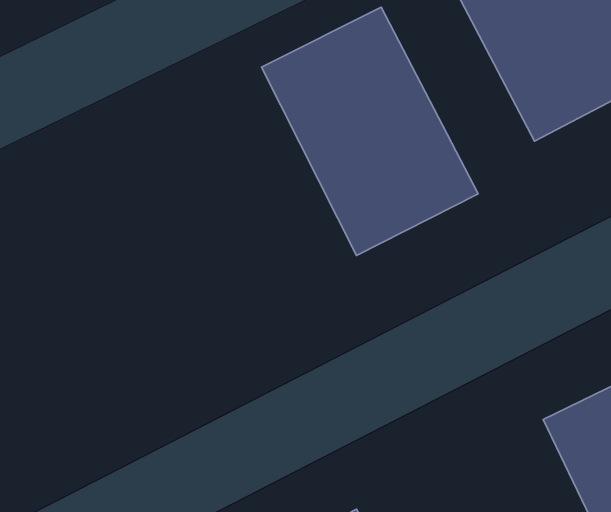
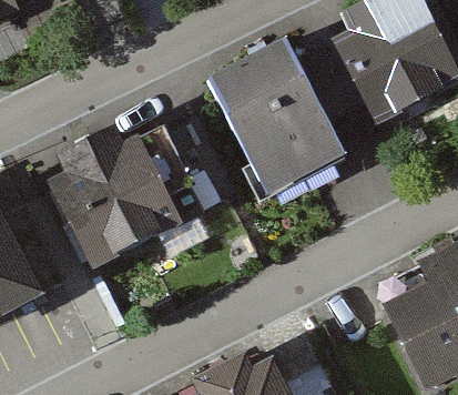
building: none -> [50,131,179,259]

